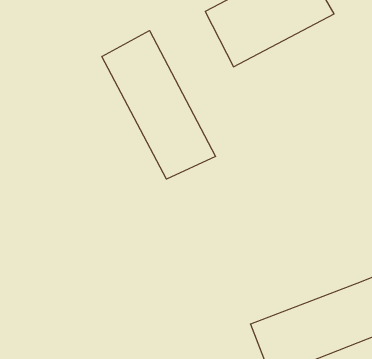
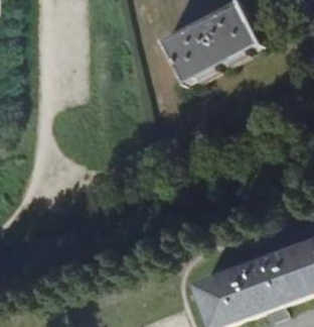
building: [102,31,216,179] -> none

